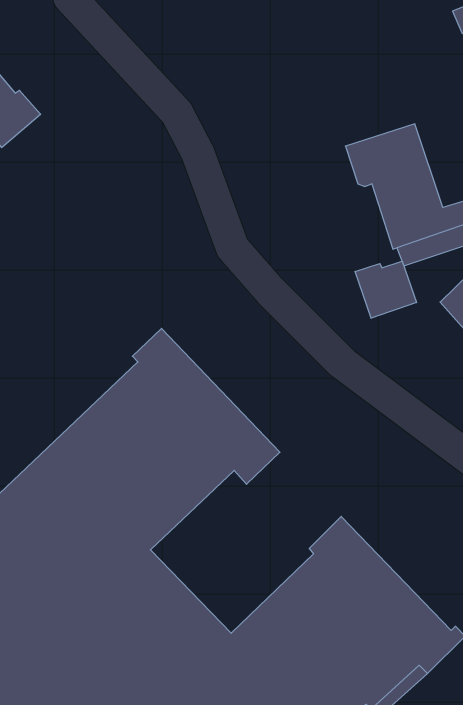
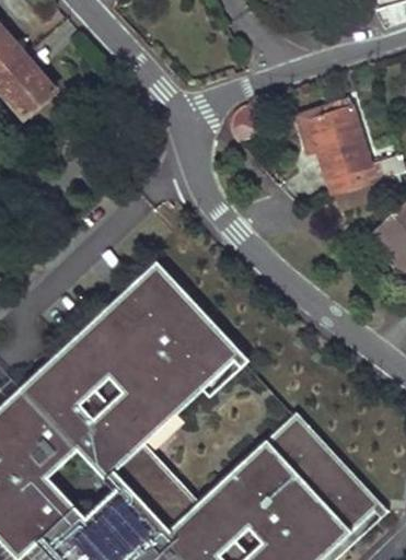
building: [355,261,416,318] -> none

